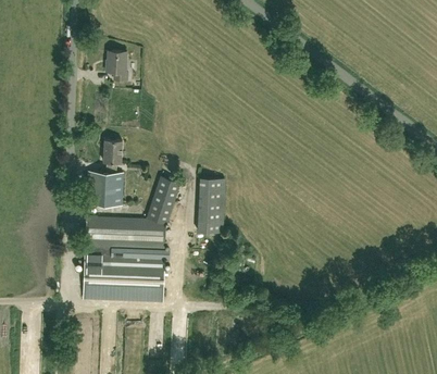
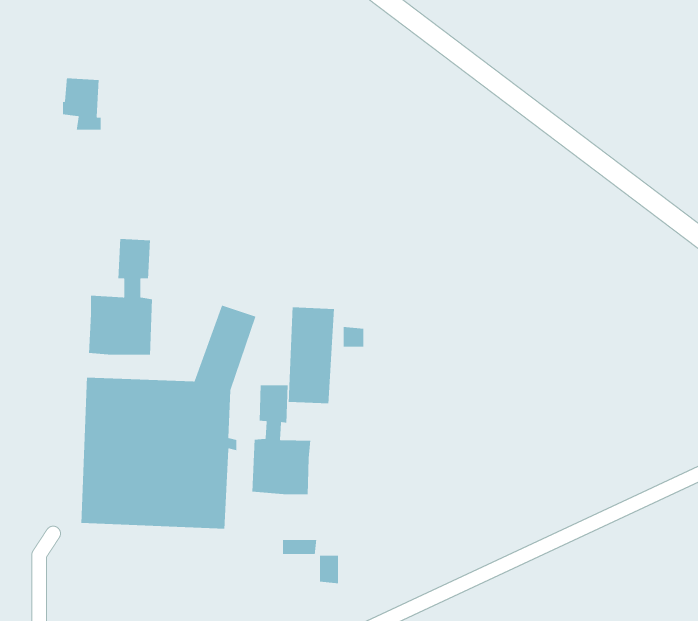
building: [105,50,127,79] -> [62,78,101,130]
building: none -> [252,384,311,495]

